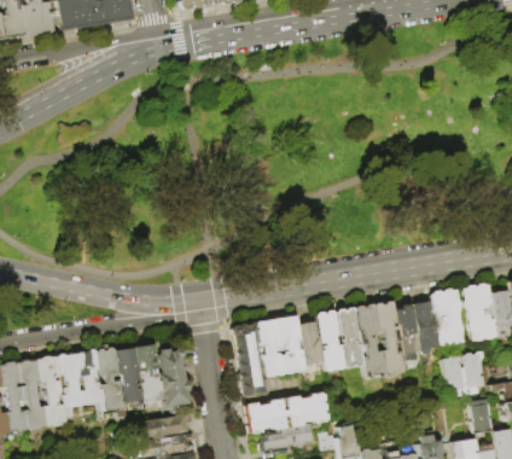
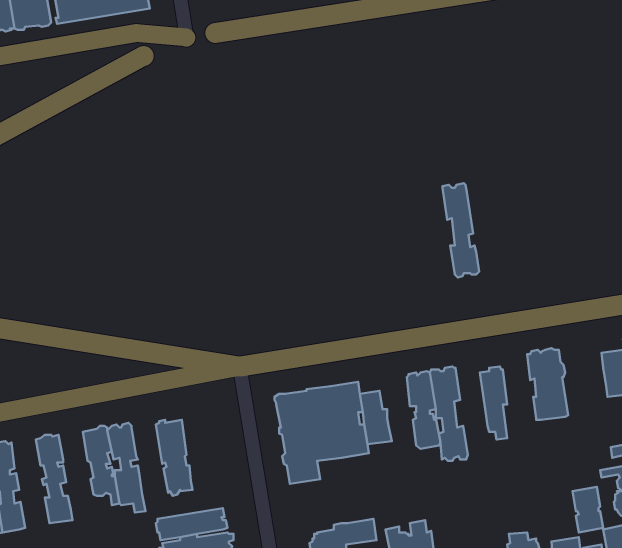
building: [461,281,495,339] -> none
building: [412,295,437,353] -> none
building: [373,300,402,374] -> [443,183,479,278]
building: [315,309,342,370] -> none
building: [161,343,192,411] -> none
building: [116,348,145,406] -> none
building: [440,349,484,395] -> none
building: [58,354,86,416] -> none
building: [21,360,51,431] -> none
building: [242,391,326,432] -> none

